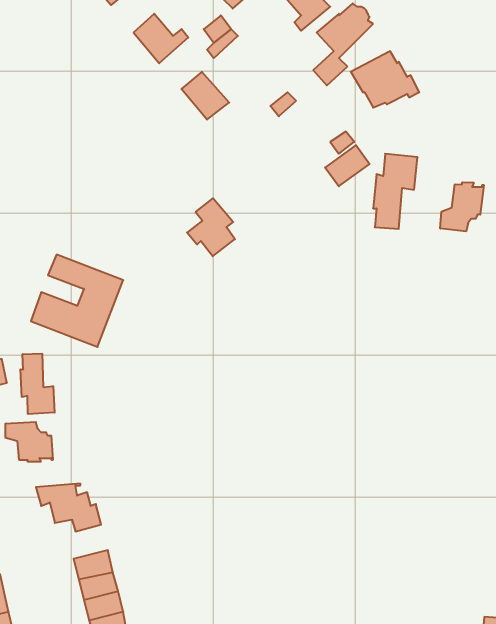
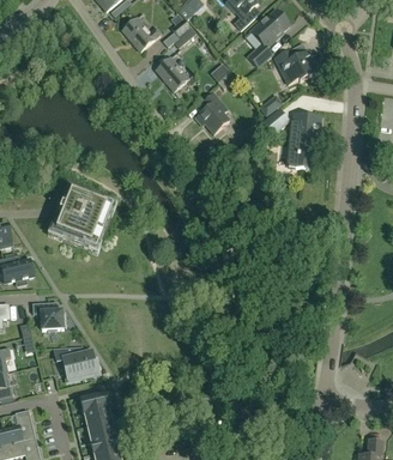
building: [440,182,484,231] -> none
building: [187,198,235,256] -> [195,91,229,132]
building: [20,354,55,414] -> none

